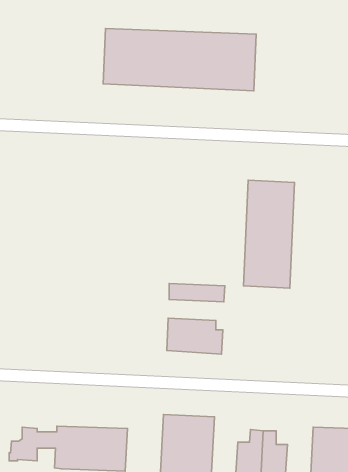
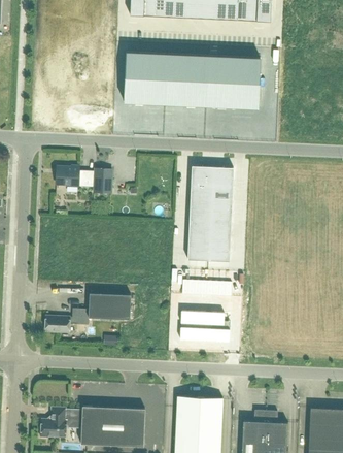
building: none -> [56,166,111,193]
building: [244,180,295,288] -> [187,166,233,262]
building: none -> [45,293,131,332]

